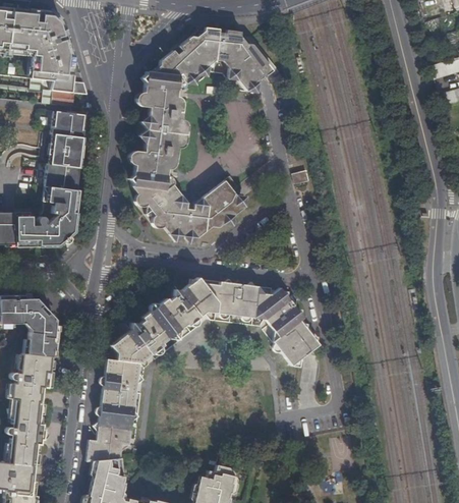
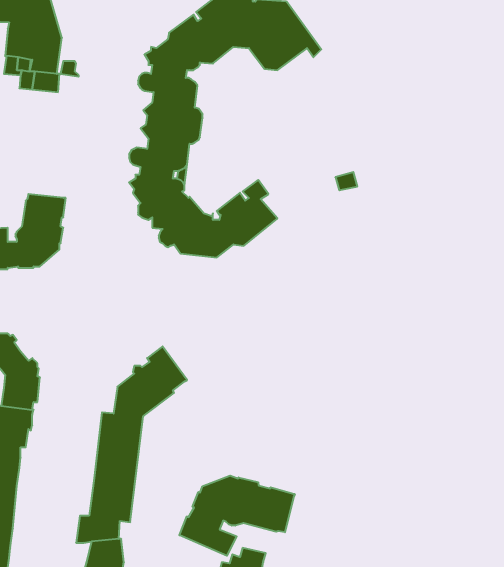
building: [44,111,84,189] -> none
building: [154,276,319,368] -> none
building: none -> [179,476,295,556]

